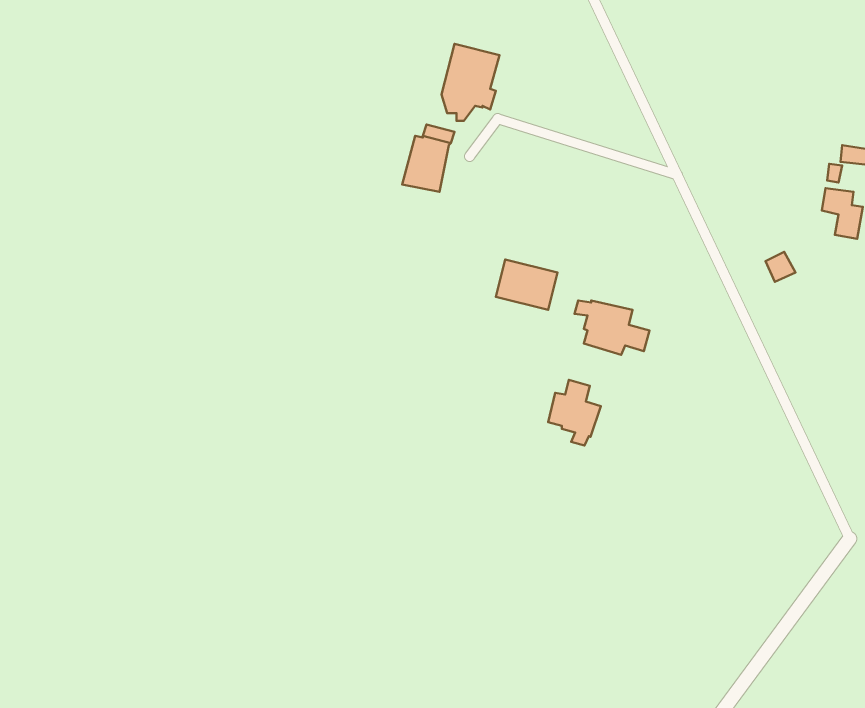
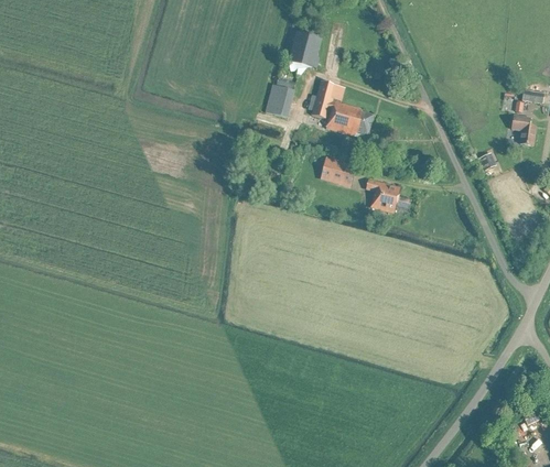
building: none -> [308,79,373,135]
building: [548,380,601,445] -> none

